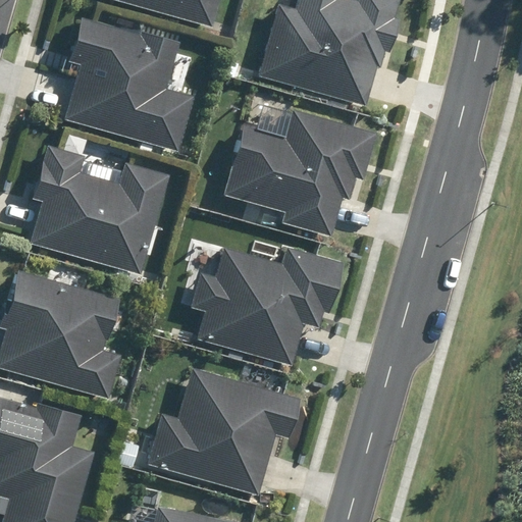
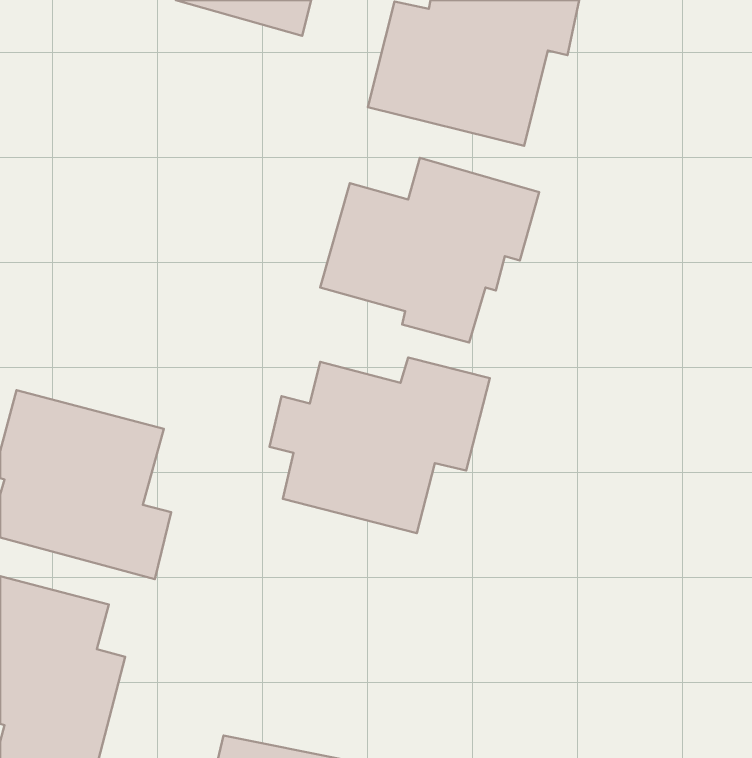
building: [61,15,195,153] -> none
building: [32,145,168,274] -> none
building: [148,367,299,497] -> none

